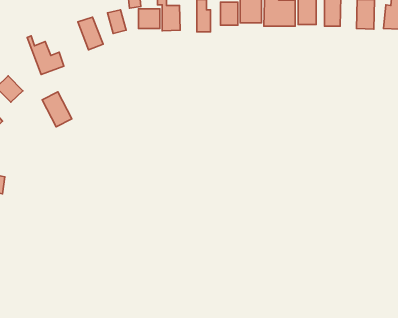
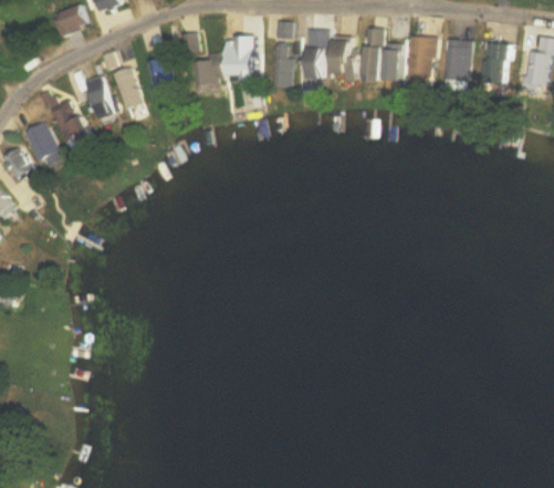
building: none -> [84,75,118,122]
building: [42,92,72,127] -> [25,123,65,170]

